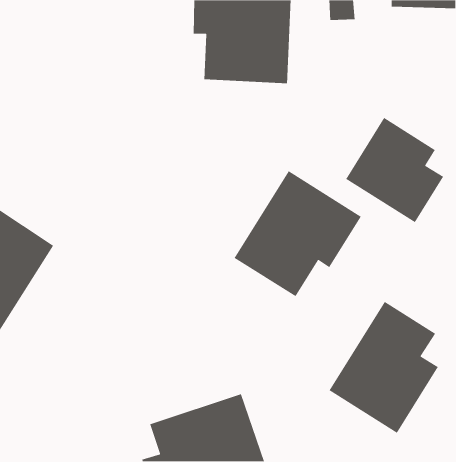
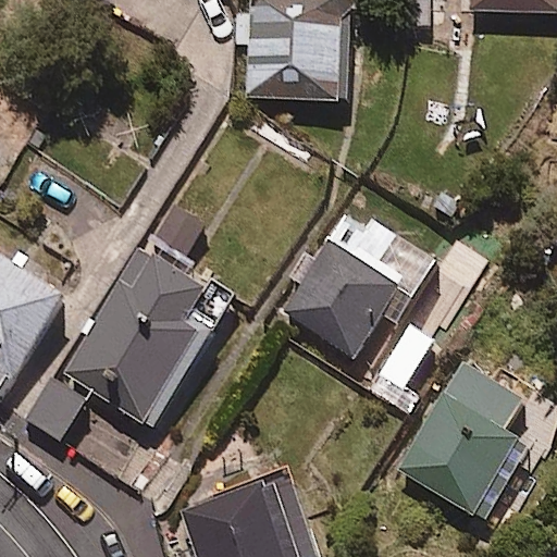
building: [345,117,444,223] -> none
building: none -> [29,246,214,438]

